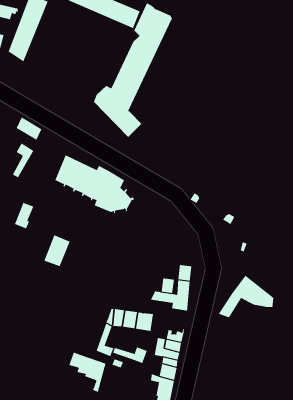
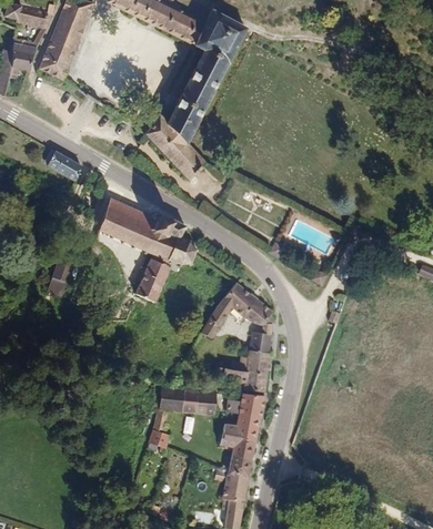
building: [12,143,34,178] -> none
building: [43,234,71,267] -> [133,261,168,302]
building: [218,275,274,318] -> [202,286,273,340]
building: none -> [229,394,265,423]
building: [112,347,147,364] -> none
building: [68,352,106,393] -> none

